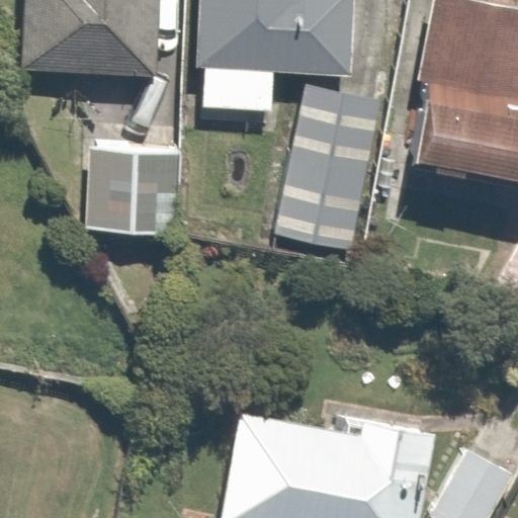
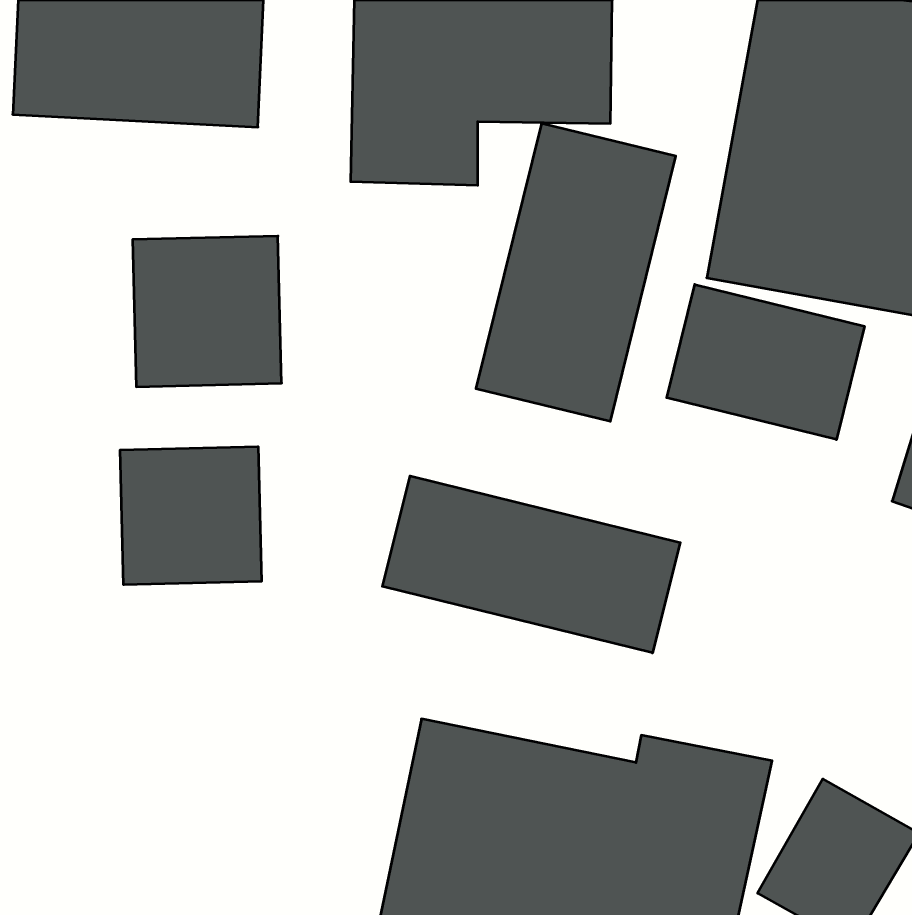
building: none -> [667,284,864,440]
building: none -> [120,447,261,585]
building: none -> [382,476,680,653]

